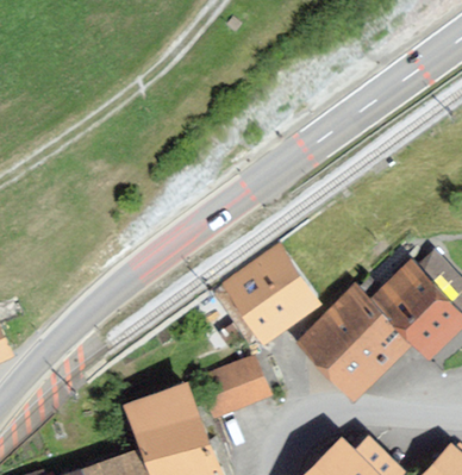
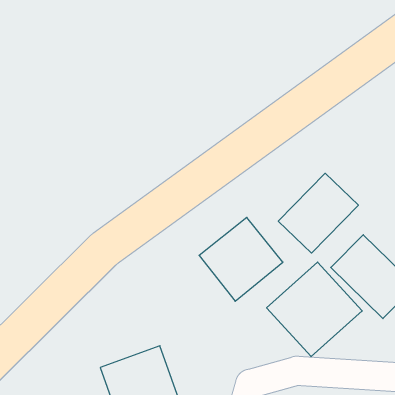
building: none -> [278,173,358,253]
building: [200,358,267,419] -> none

